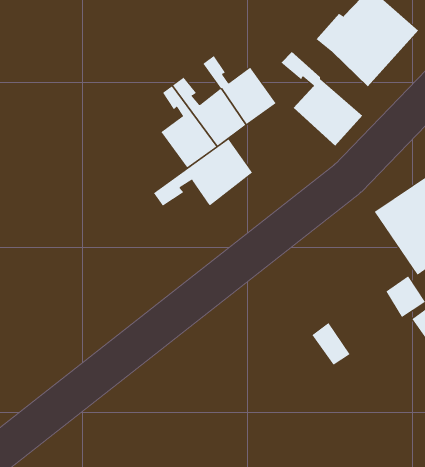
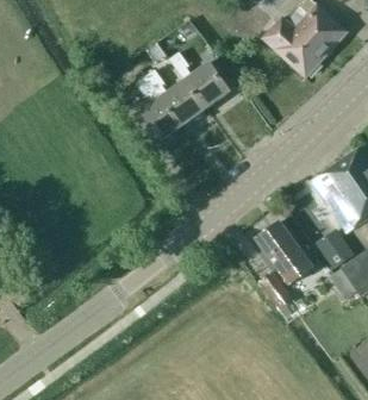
building: [281,51,363,147] -> none
building: [153,138,253,206] -> none
building: none -> [255,221,313,286]

